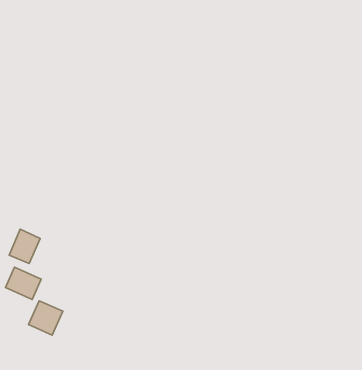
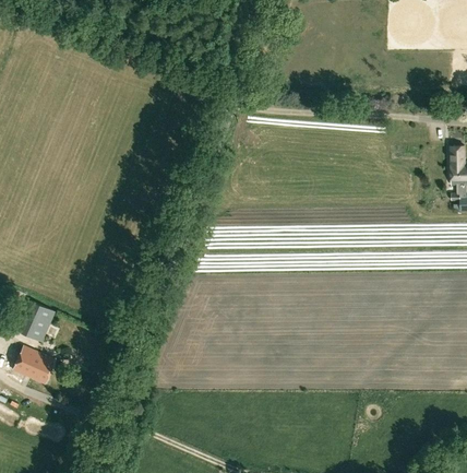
building: [28,301,63,335] -> none

